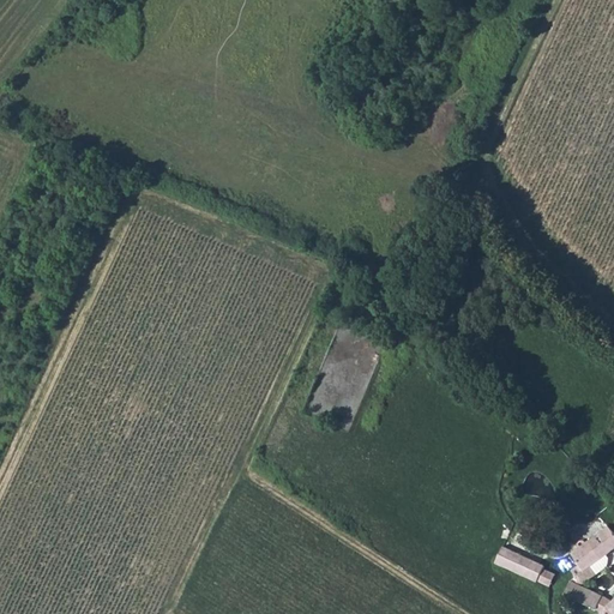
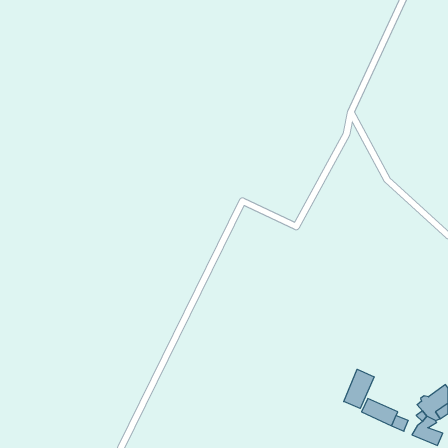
building: none -> [344,369,374,408]

